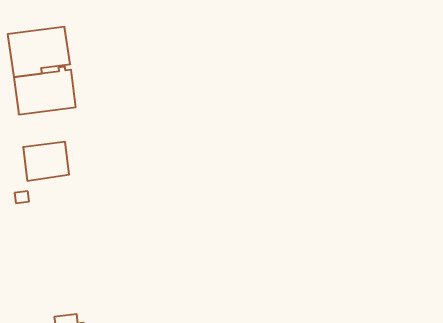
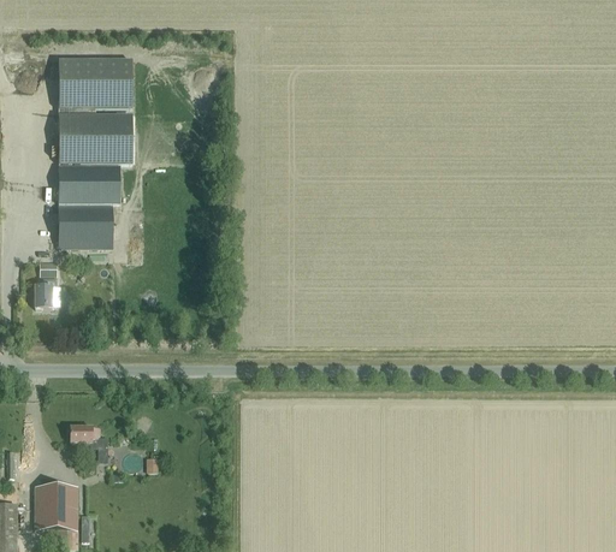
building: none -> [59,165,120,202]
building: none -> [35,277,58,307]

